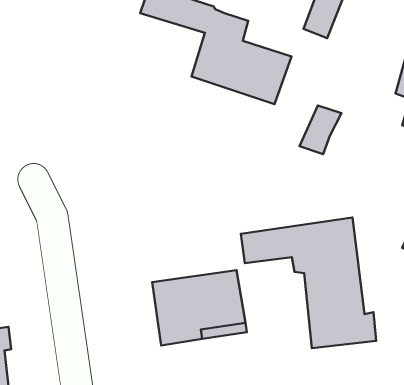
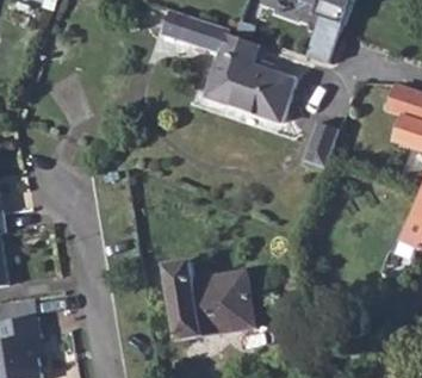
building: [241,218,376,348] -> none

